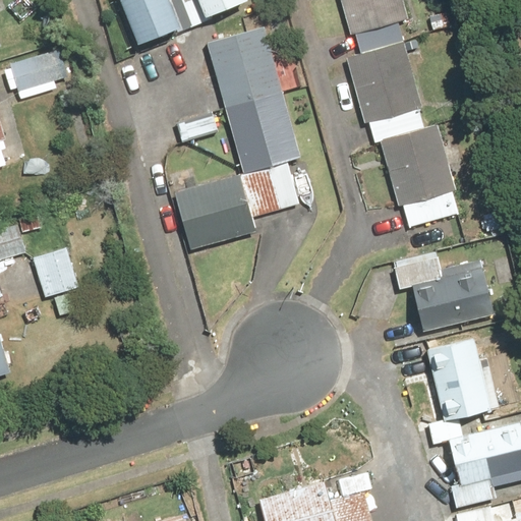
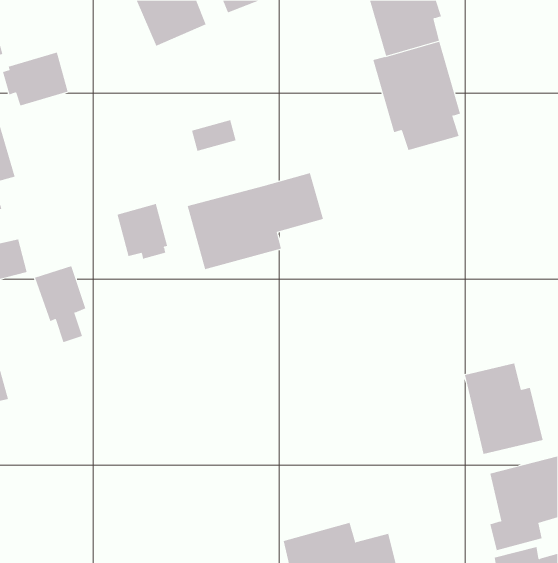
building: [207,25,301,173] -> none
building: [381,122,458,228] -> none
building: none -> [117,203,168,260]
building: [382,257,487,331] -> none

